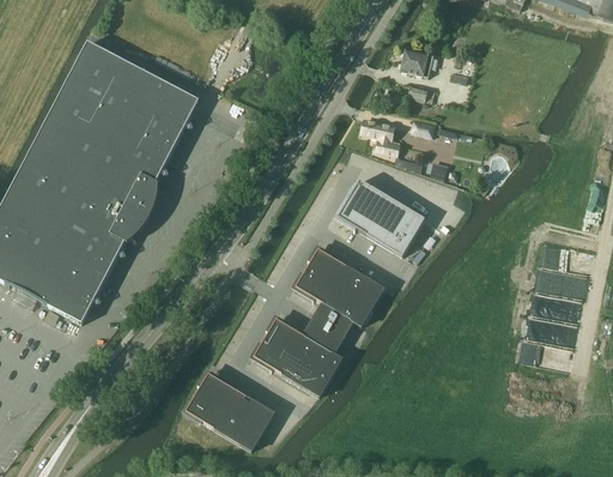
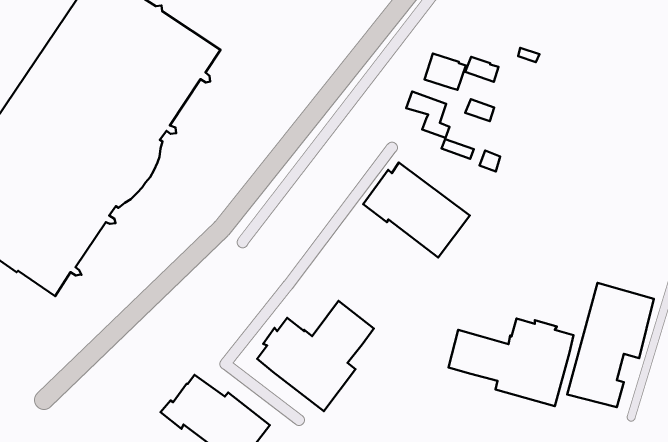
building: [400,47,433,76] -> [424,53,466,90]
building: [298,250,383,325] -> none
building: none -> [449,319,573,406]

